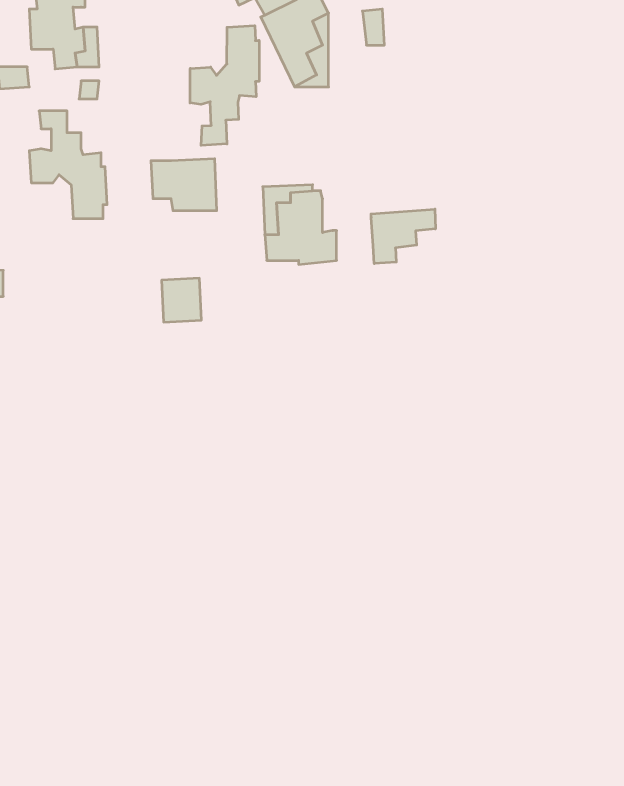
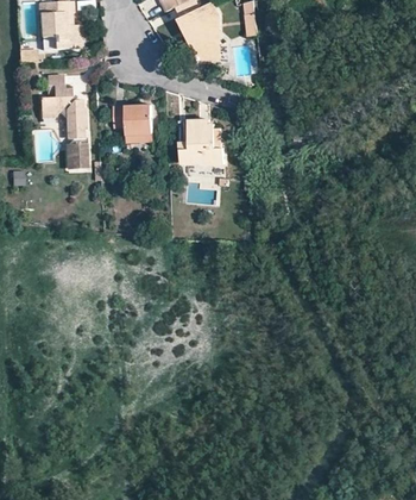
building: [190,26,259,145] -> none
building: [371,209,435,264] -> none
building: [162,278,201,322] -> [67,143,90,169]

